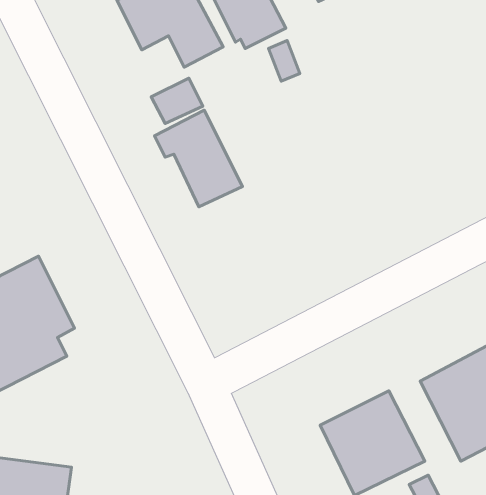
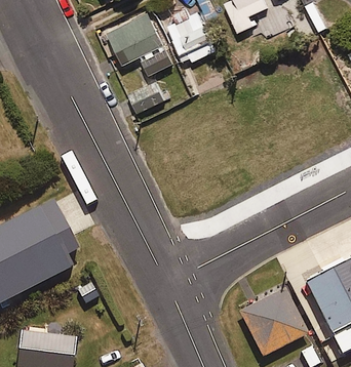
building: [155,110,242,207] -> none

